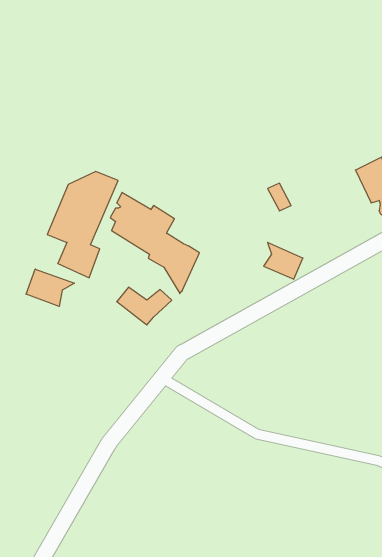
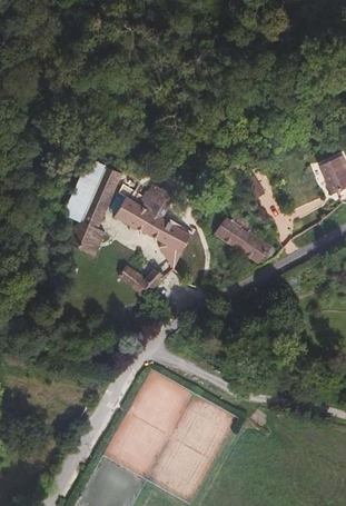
building: none -> [210,214,250,246]
building: [26,269,74,306] -> none

